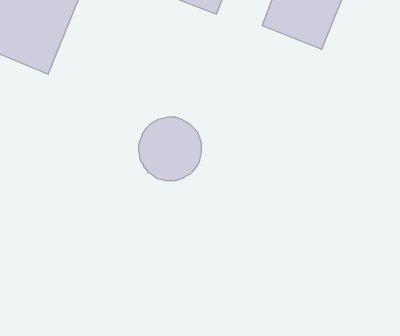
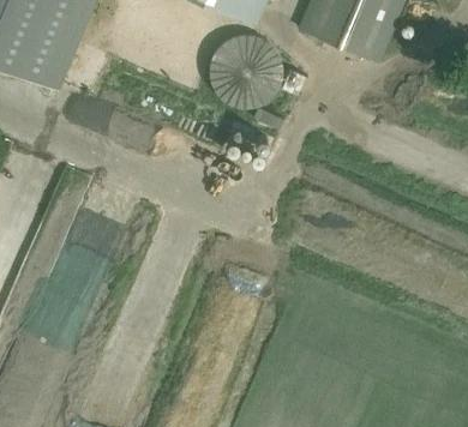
building: [139,117,202,180] -> [209,35,282,108]

